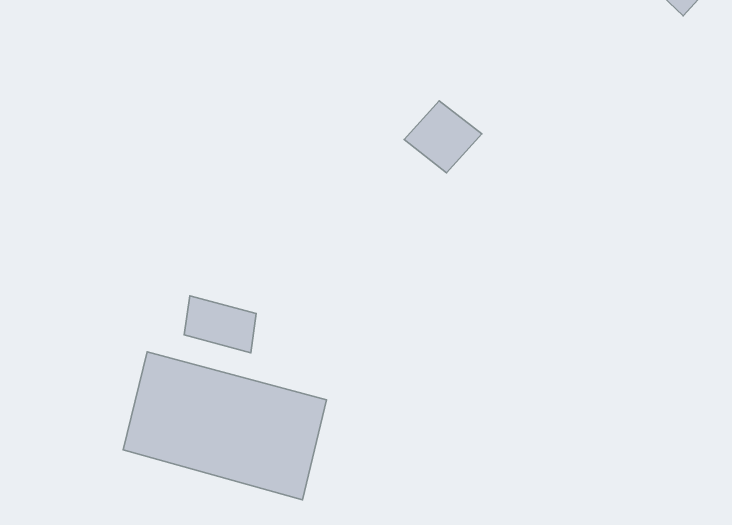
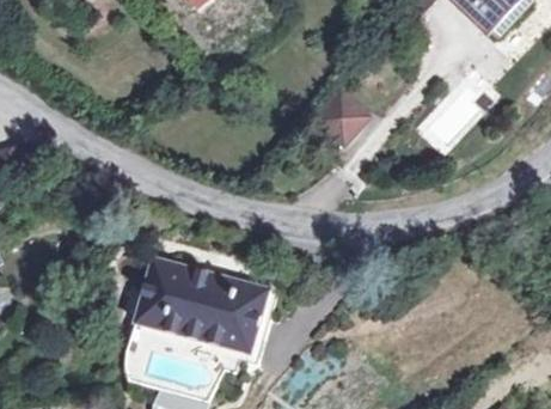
building: [184,296,256,353] -> none

